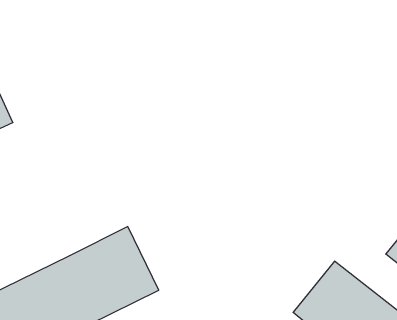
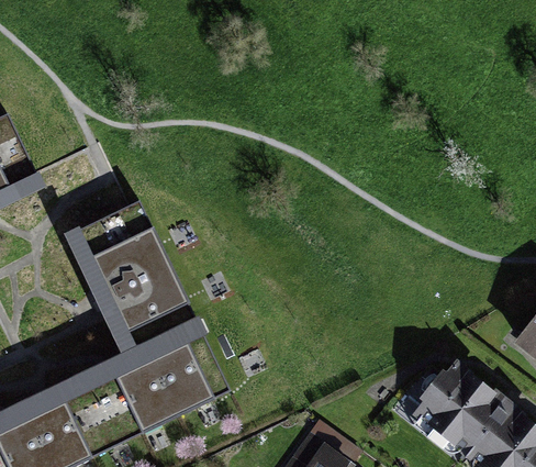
building: none -> [64,198,192,345]

